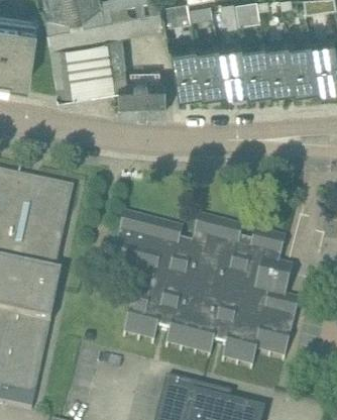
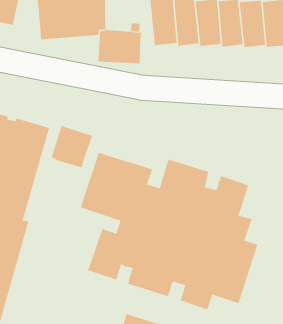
building: none -> [51,125,93,168]

